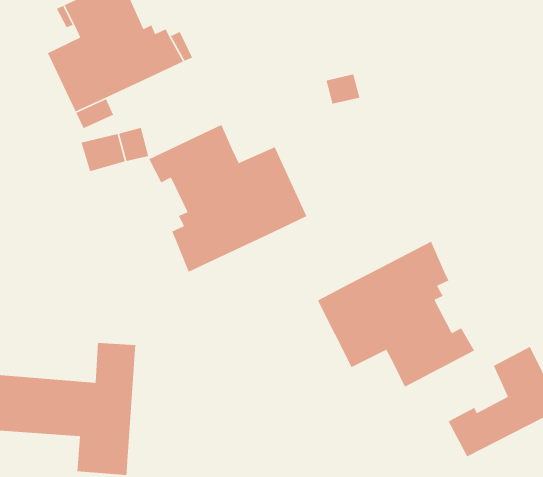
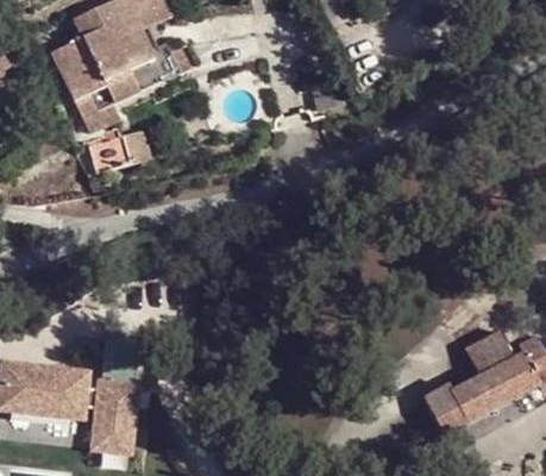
building: [148,124,307,273] -> none
building: [317,241,475,388] -> none

